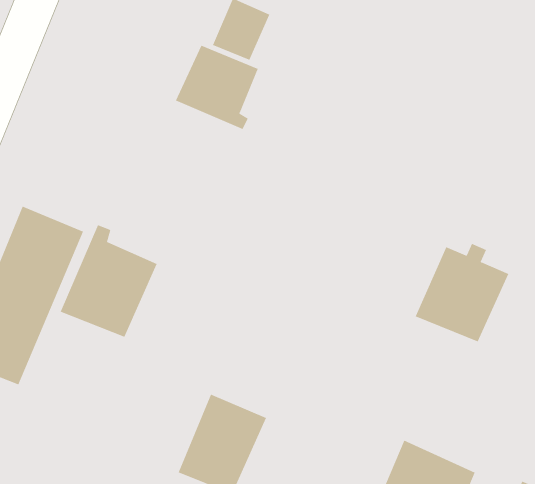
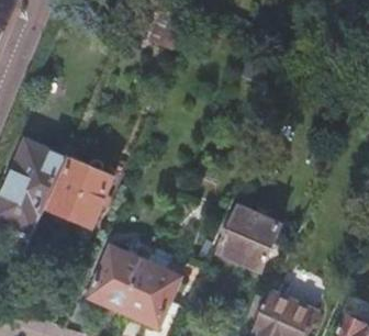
building: [175,45,259,130] -> none
building: [415,243,509,342] -> [222,206,282,270]
building: none -> [90,247,146,312]

